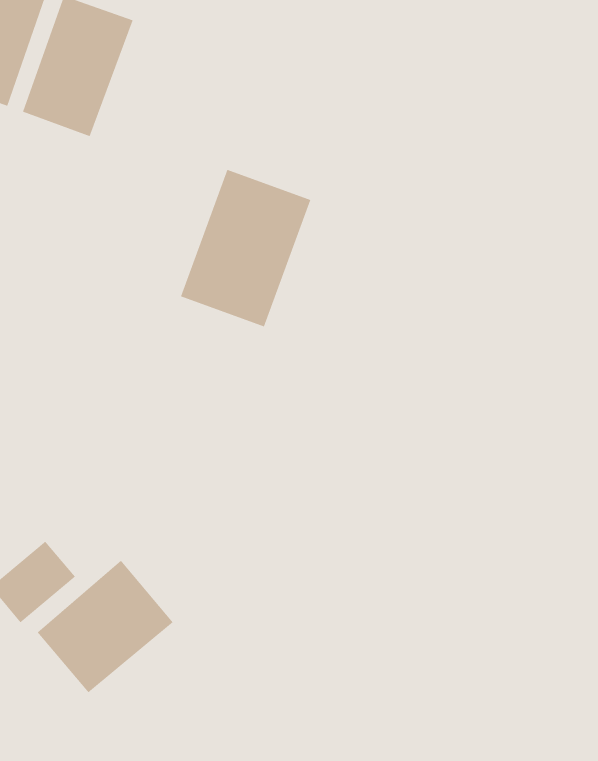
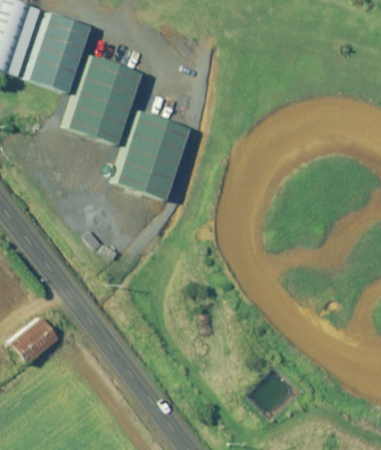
building: none -> [68,55,141,144]
building: [37,560,174,693] -> none

